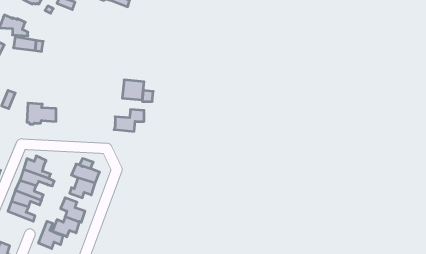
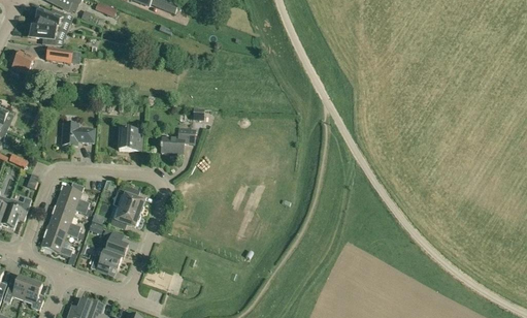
building: none -> [36,9,66,30]
building: [122,80,144,100] -> [119,128,143,151]
building: [39,221,63,249] -> none

